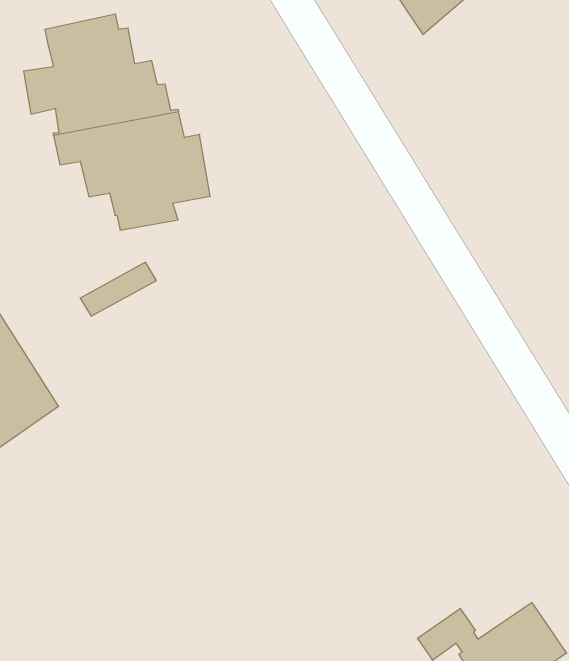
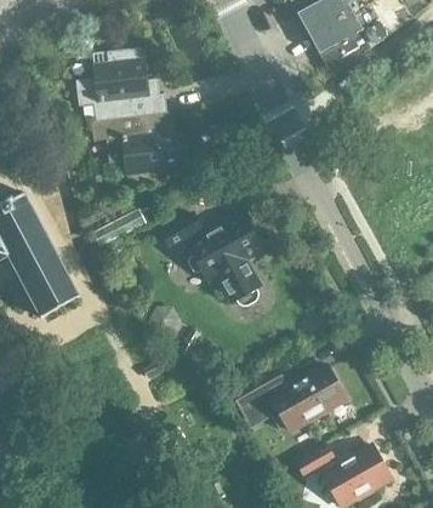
building: none -> [160,212,261,304]
building: none -> [232,364,346,430]

